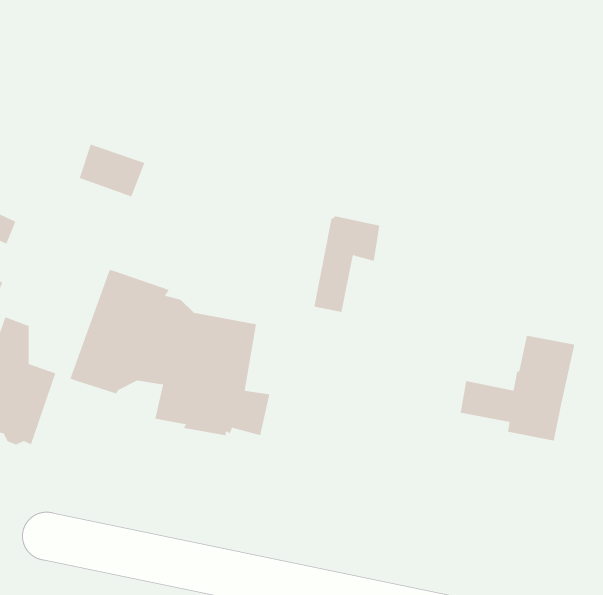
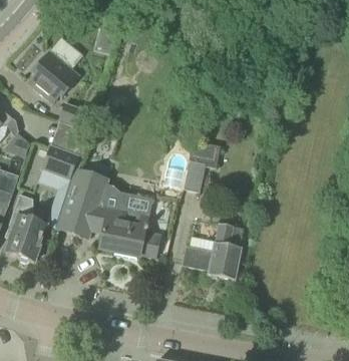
building: none -> [32,50,79,102]
building: none -> [42,144,79,177]
building: [460,335,575,441] -> [184,223,245,279]

